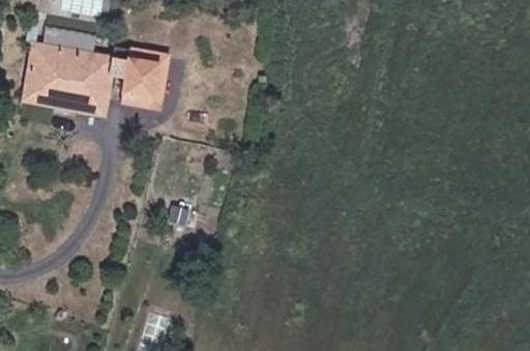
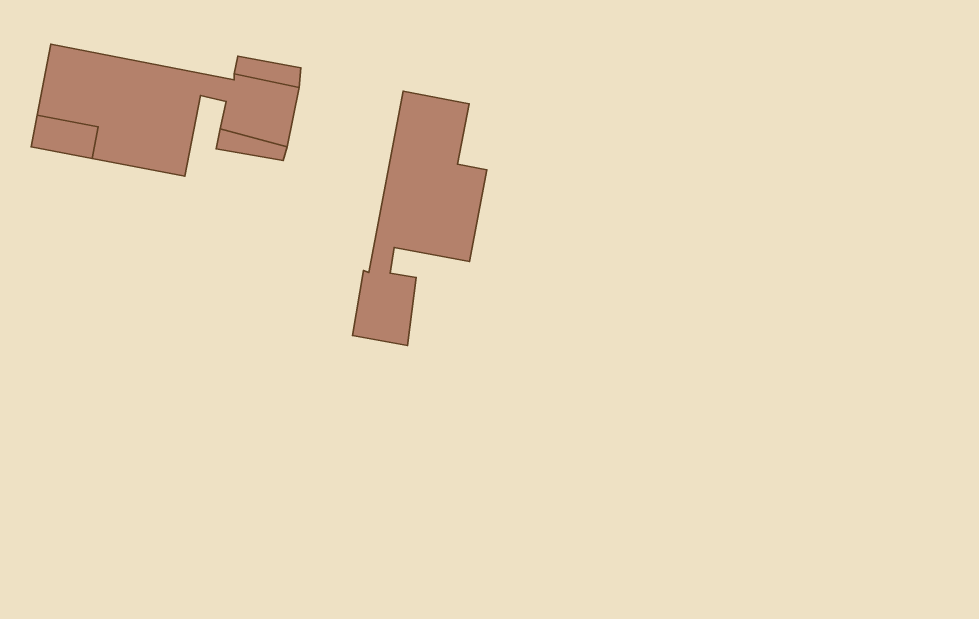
building: none -> [352,91,487,345]

